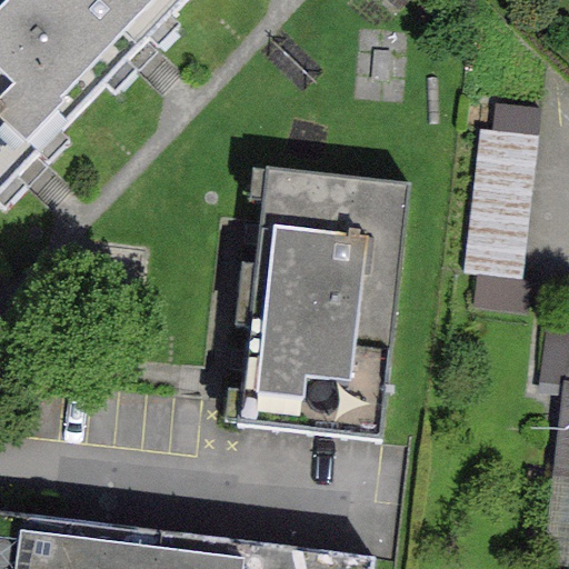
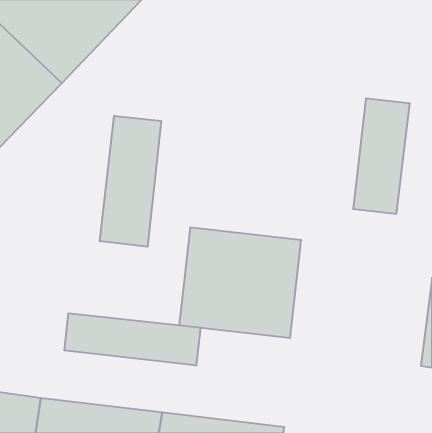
building: none -> [100,116,161,247]
building: [249,170,409,315] -> none
building: none -> [64,313,201,366]

